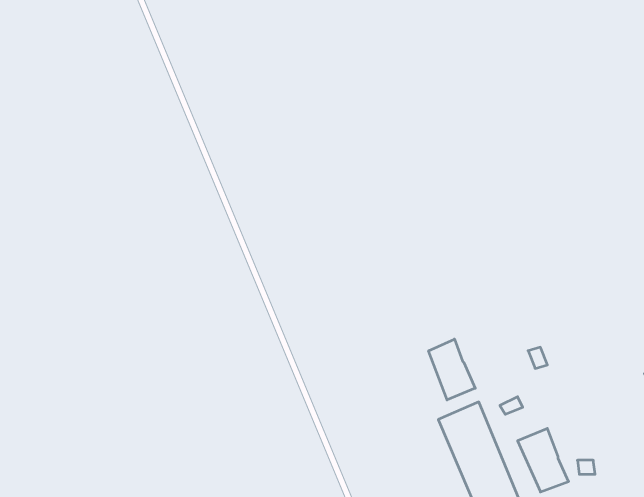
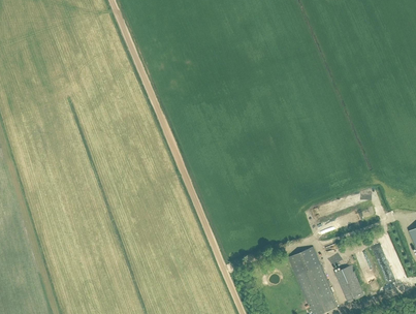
building: [429,339,475,400] -> none

